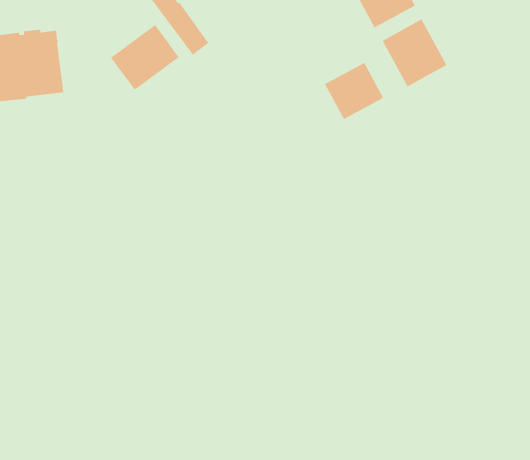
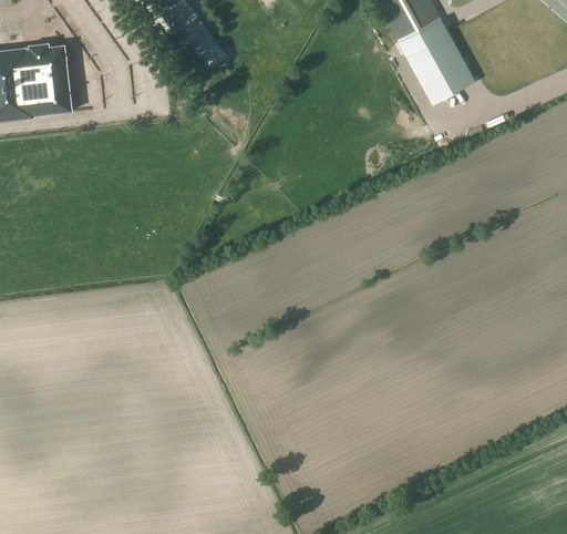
building: [110,24,180,90] -> none
building: [324,62,384,120] -> none

